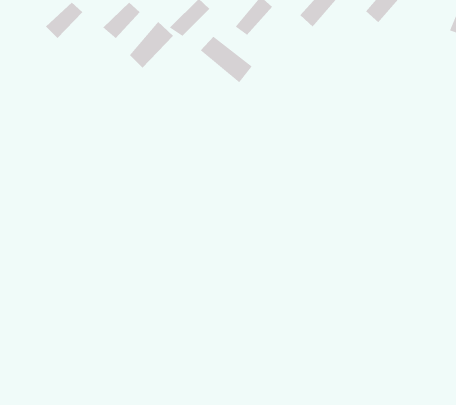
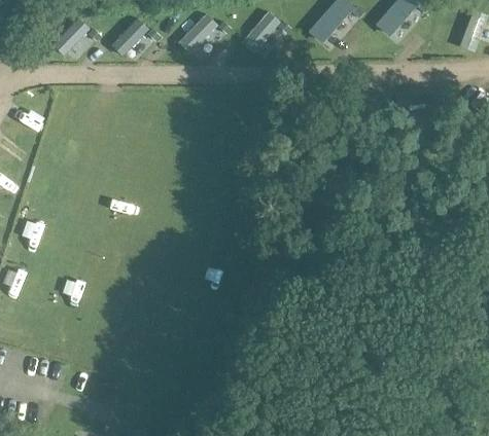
building: [129,21,174,69] -> none
building: [200,36,252,83] -> none

